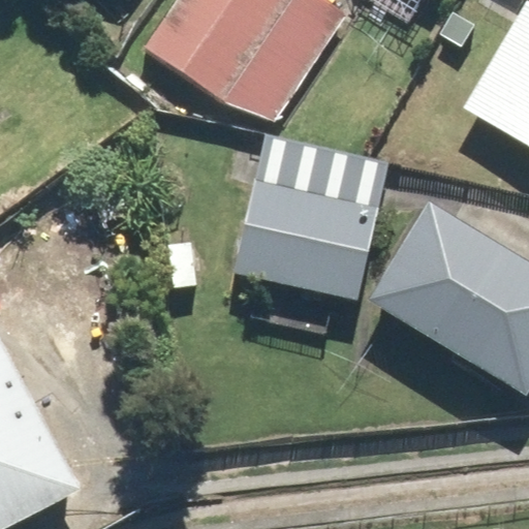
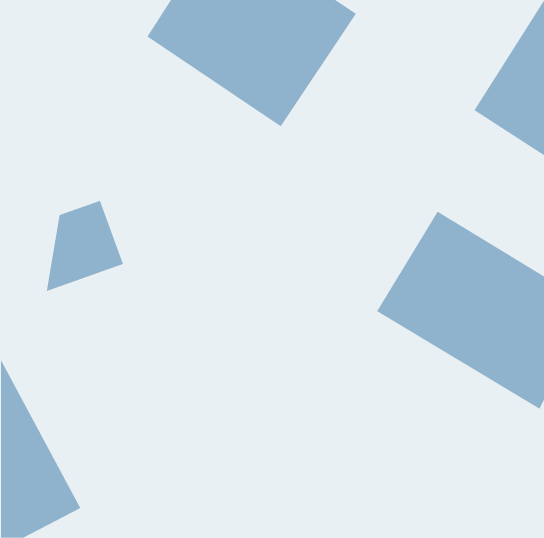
building: [230,130,390,301] -> none

